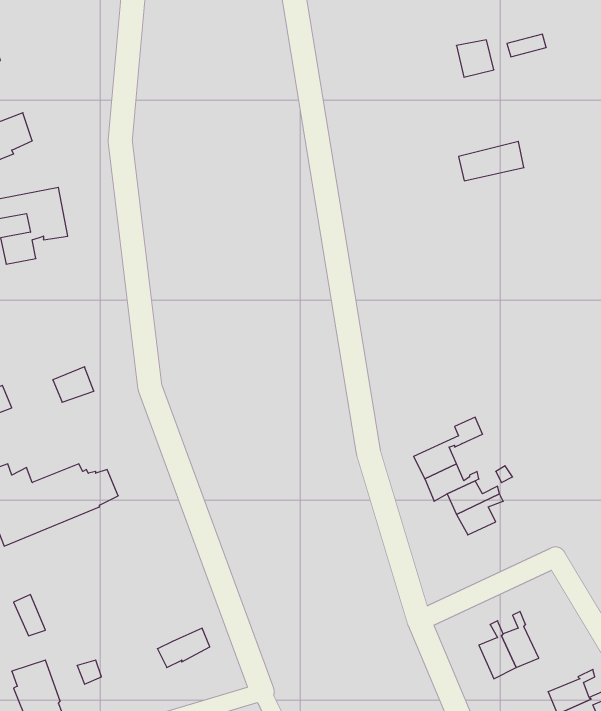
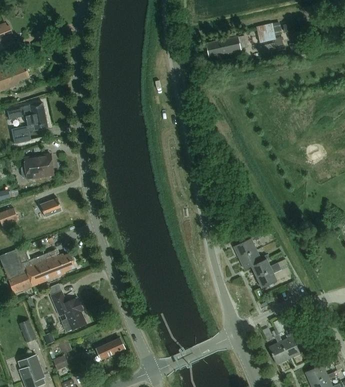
building: [459,141,524,181] -> [206,36,241,57]
building: none -> [21,154,53,178]
building: none -> [50,290,87,332]

